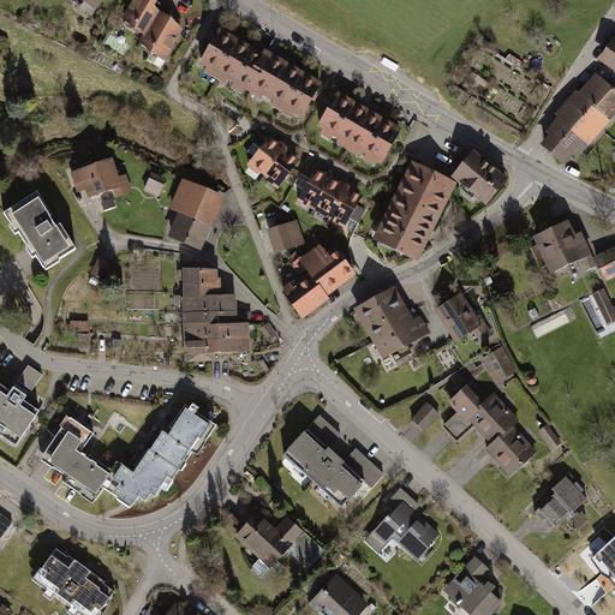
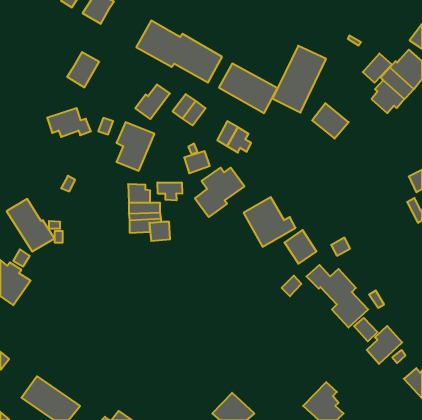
building: [139,10,186,61] -> [67,52,99,87]
building: none -> [363,53,392,83]
building: none -> [135,84,170,119]
building: [375,161,453,258] -> [272,46,326,113]
building: [299,168,330,207] -> none
building: [6,193,76,270] -> [7,199,55,252]
building: [537,223,590,273] -> none
building: none -> [157,182,182,200]
building: [435,293,482,342] -> [284,230,317,264]
building: [189,338,220,359] -> none
building: [41,404,217,506] -> none
building: [281,414,382,507] -> none
building: none -> [354,318,378,341]
building: [369,486,440,560] -> none
building: [231,513,321,569] -> none

